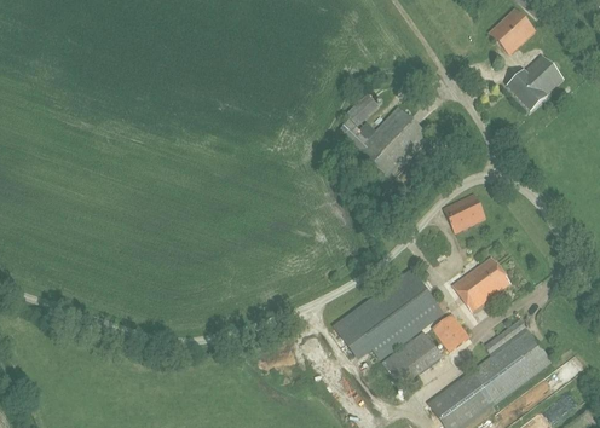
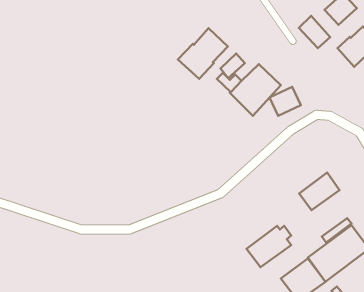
building: none -> [299,16,330,48]
building: none -> [178,28,228,79]
building: [443,192,486,232] -> [269,87,301,116]
building: [334,270,443,358] -> none
building: [433,313,469,349] -> none

